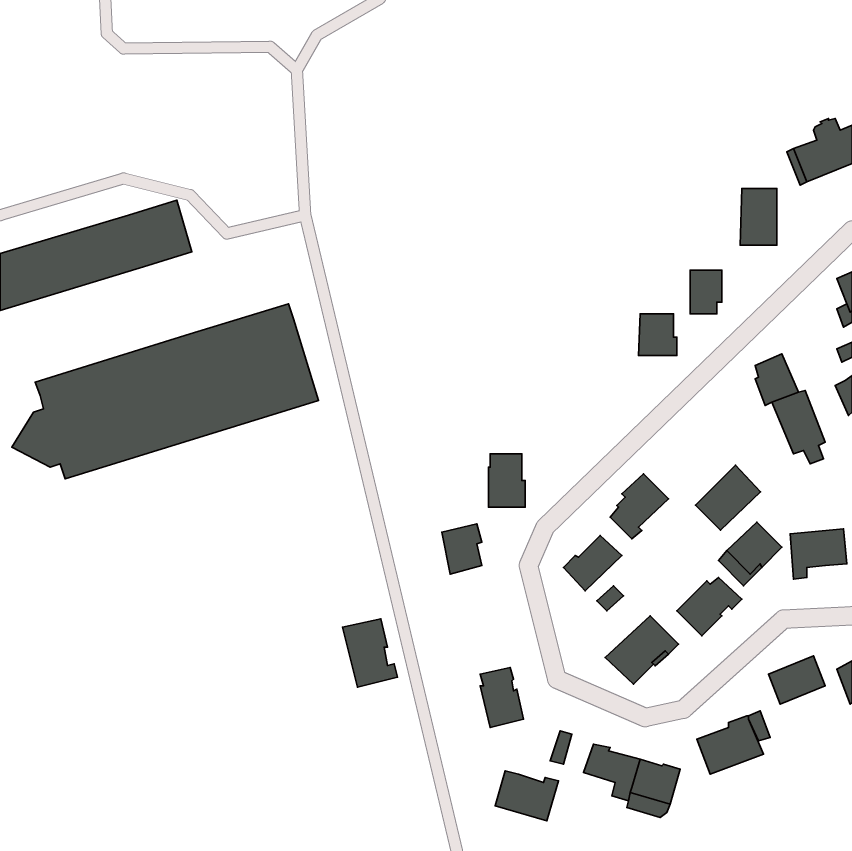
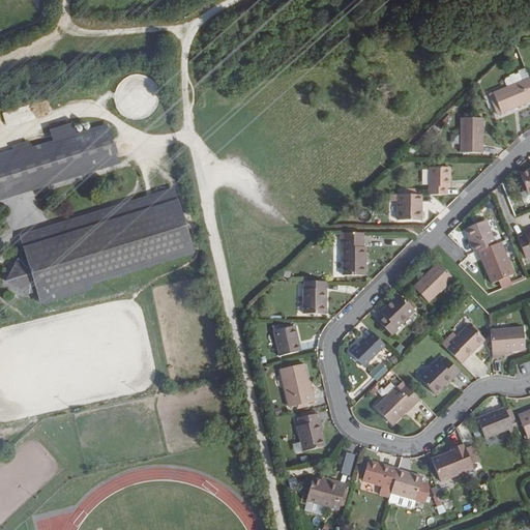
building: none -> [344,232,365,275]
building: [695,465,760,530] -> [414,261,454,301]
building: [343,619,398,687] -> [281,365,315,408]

